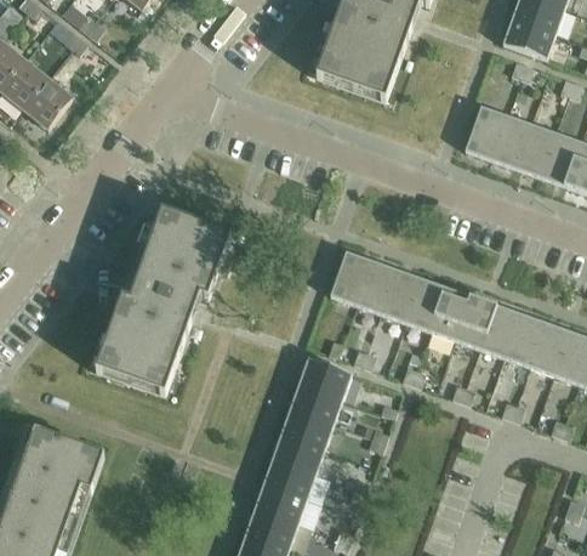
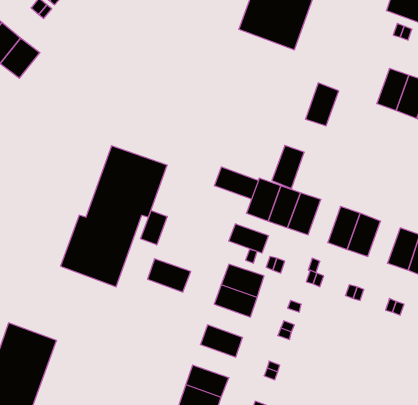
building: [465,106,506,159] -> [305,83,339,126]
building: none -> [215,167,258,199]
building: [405,278,445,331] -> [272,145,304,188]
building: none -> [141,210,167,245]
building: [479,305,519,357] -> none
building: none -> [229,224,268,253]
building: [280,408,334,449] -> [148,259,191,292]
building: [262,458,315,499] -> none

